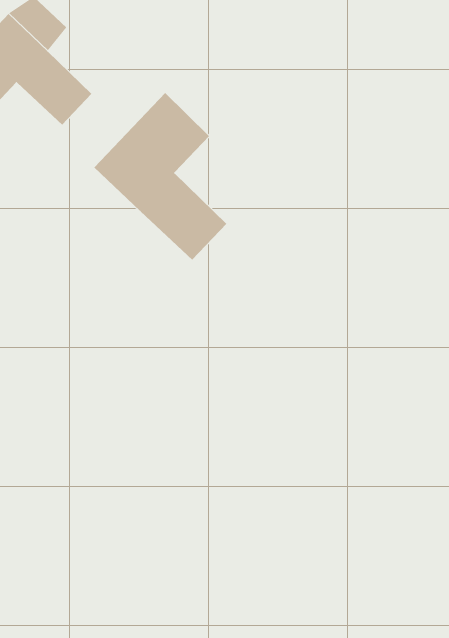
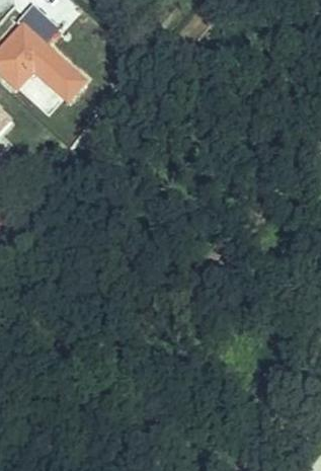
building: [94,92,227,260] -> none

